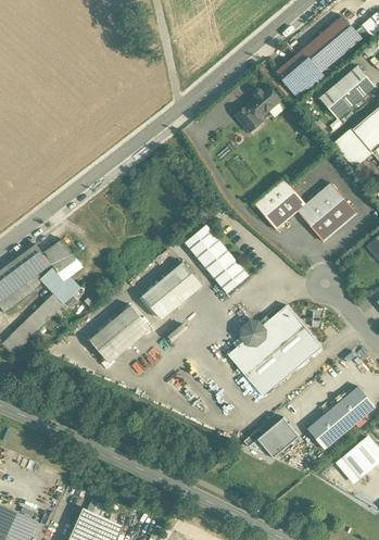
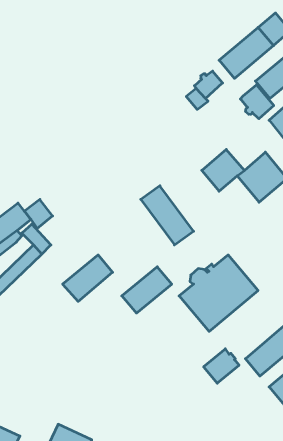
building: none -> [240,85,274,119]
building: [141,262,201,317] -> [122,267,172,313]

